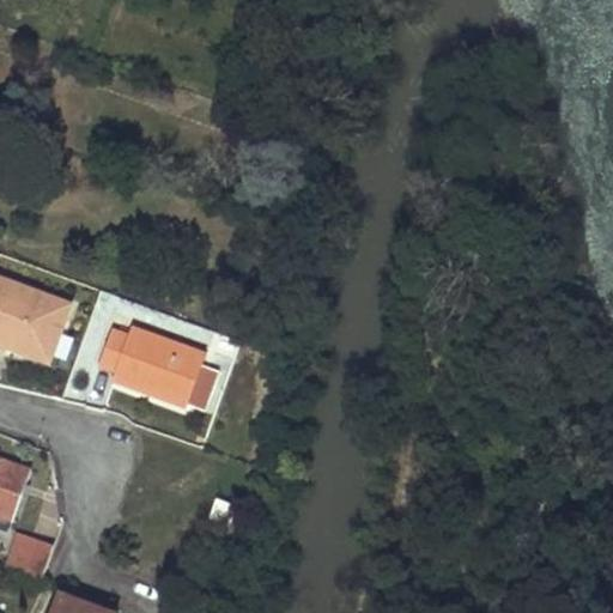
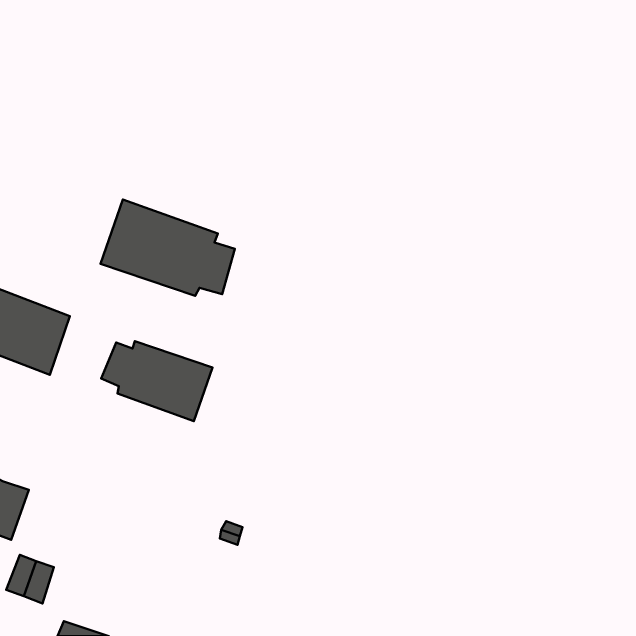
building: none -> [100,200,235,296]

